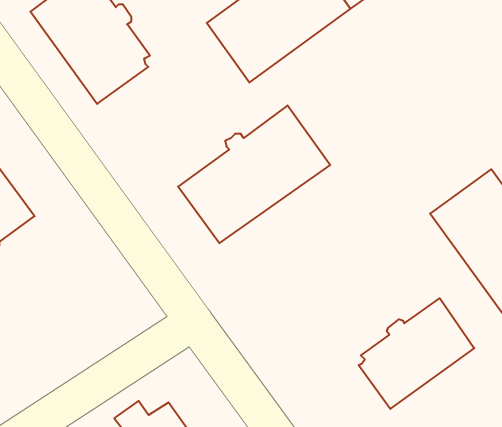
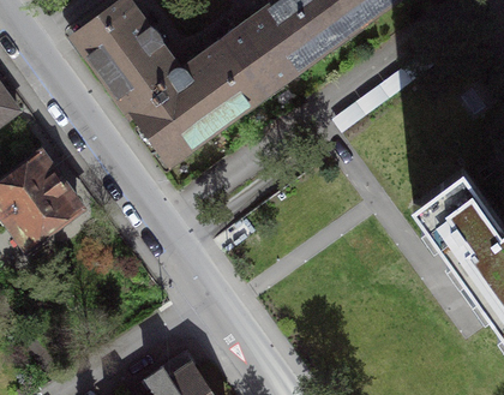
building: [178,105,330,243] -> [131,43,259,160]
building: [359,298,474,409] -> none

